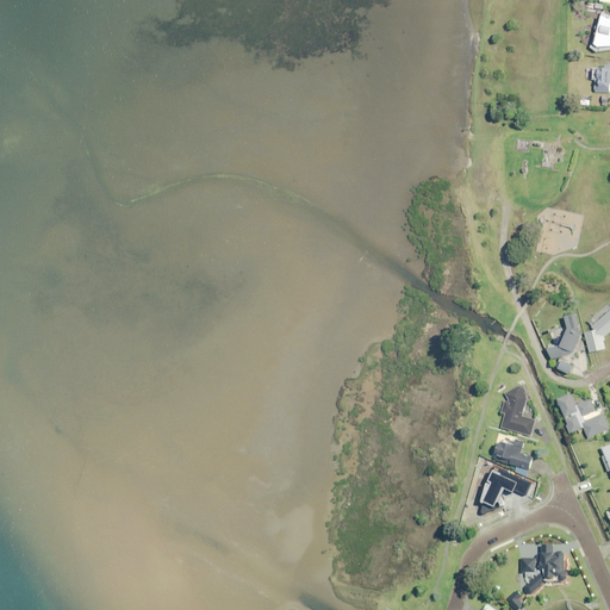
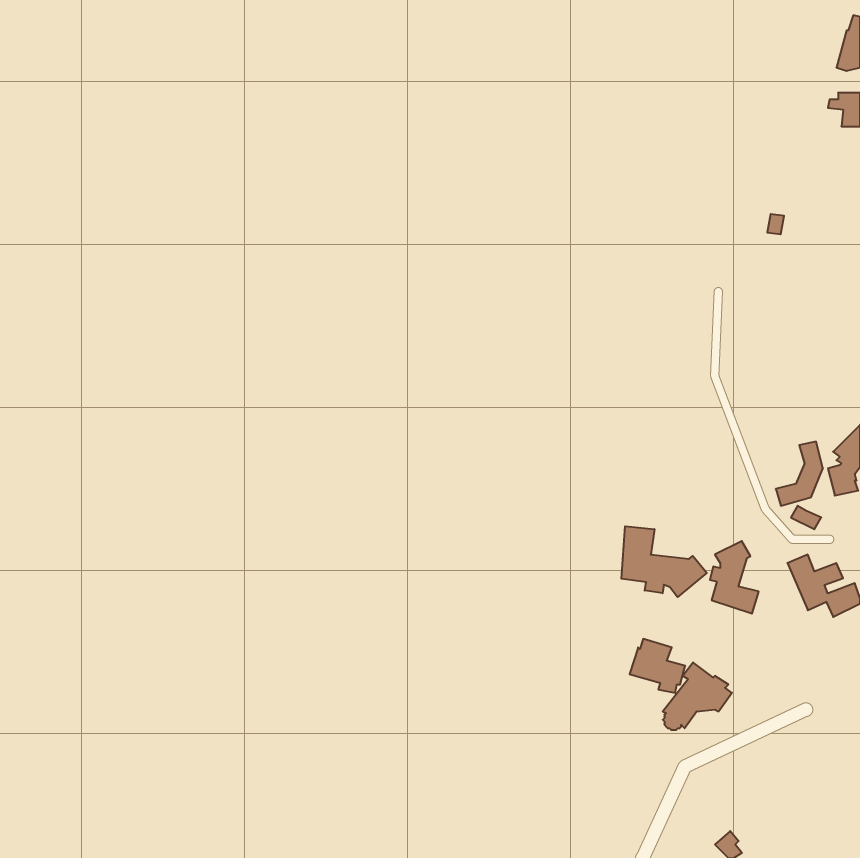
building: none -> [621,526,707,597]
building: [494,435,534,473] -> [630,639,685,693]
building: [519,542,568,592] -> none

